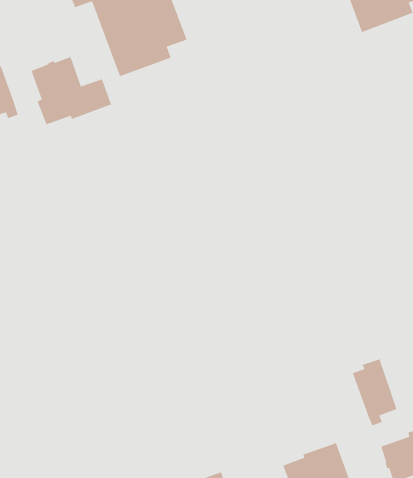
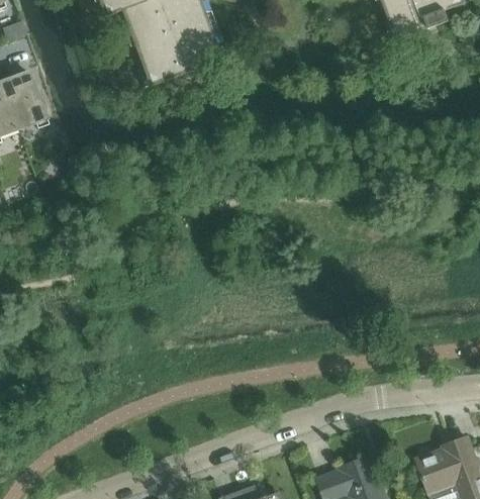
building: [31,55,112,125] -> none
building: [352,359,397,426] -> none

